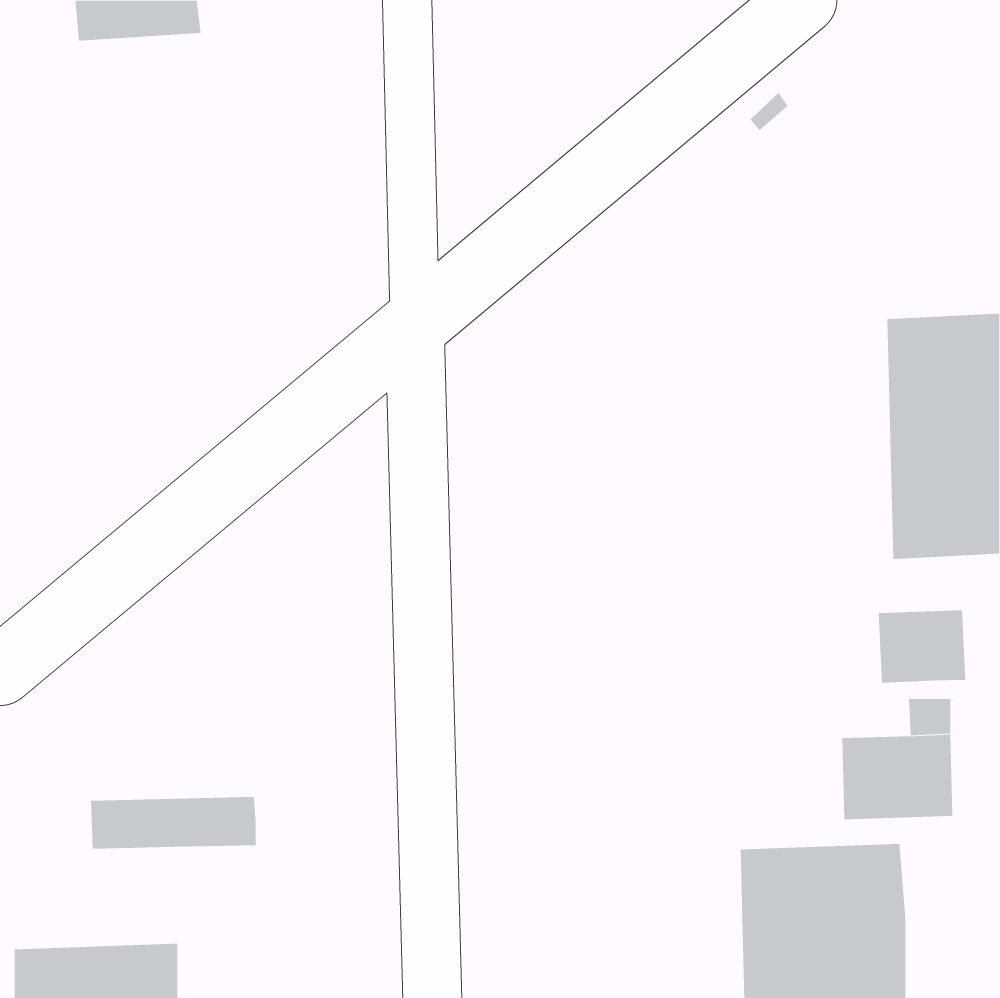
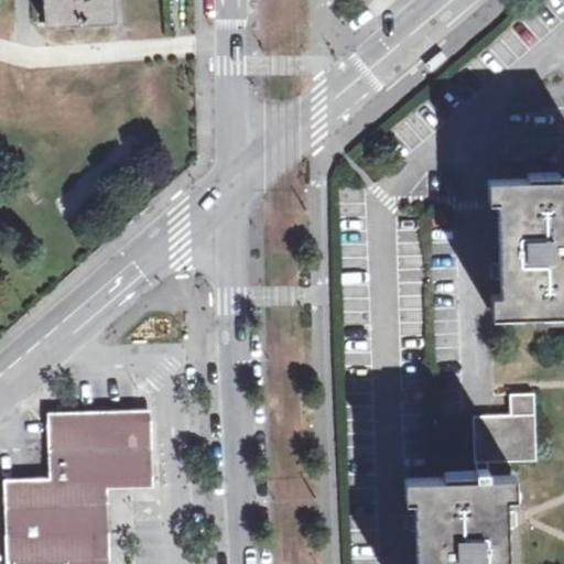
building: [878,610,966,684] -> none
building: none -> [51,420,143,452]
building: none -> [7,478,100,535]

